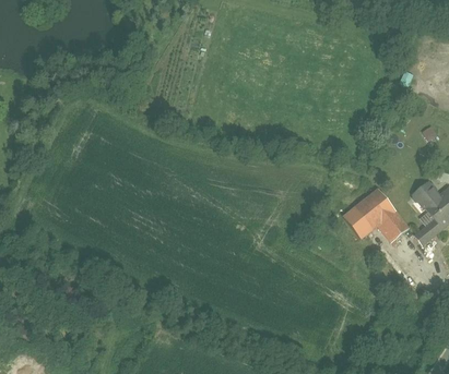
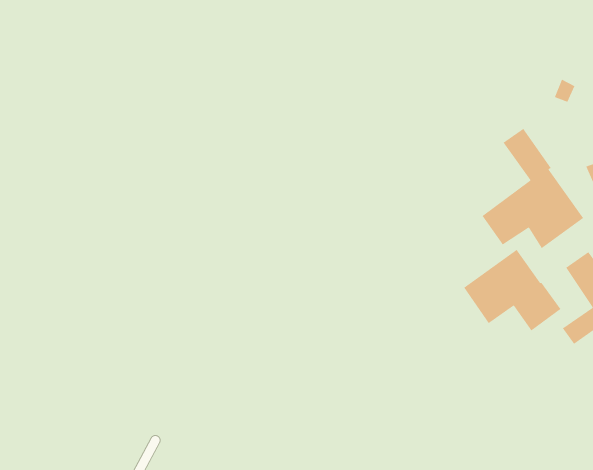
building: none -> [482,128,584,249]

